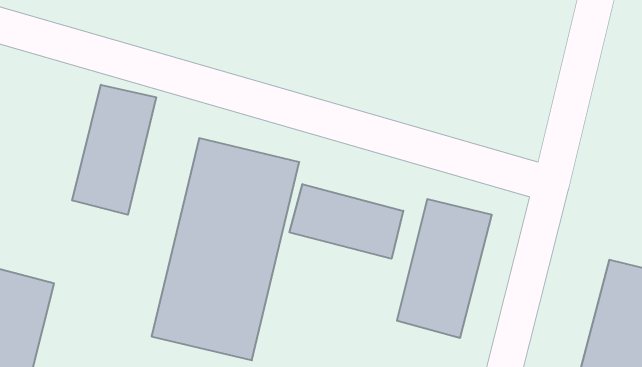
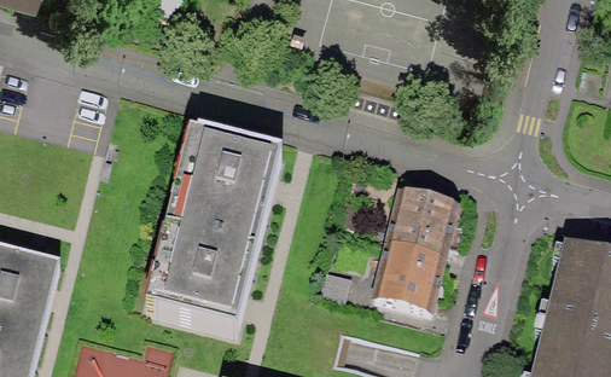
building: [72,85,156,215] -> none
building: [289,184,403,259] -> none

